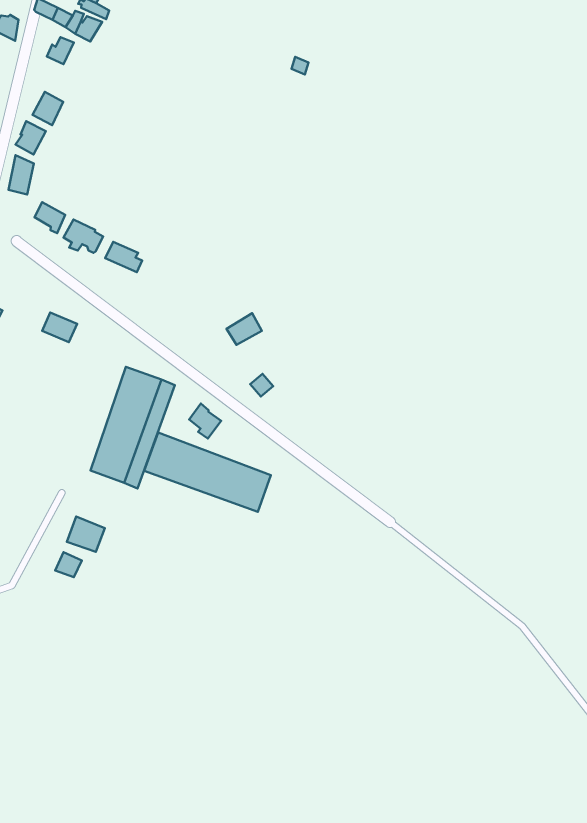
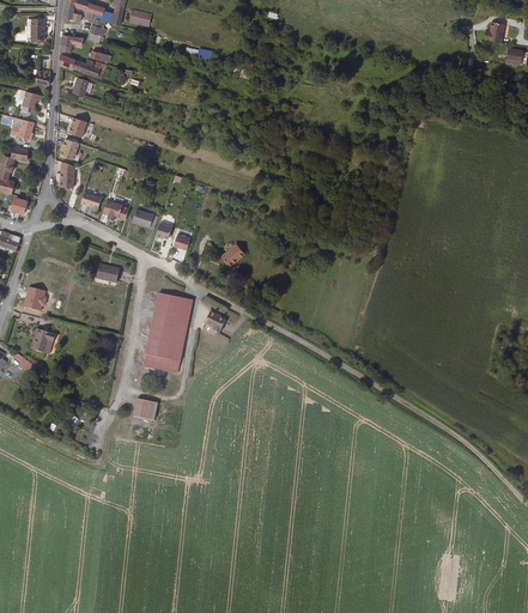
building: [144,433,271,512] -> none

